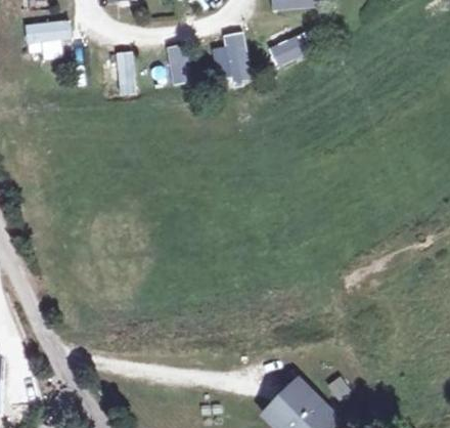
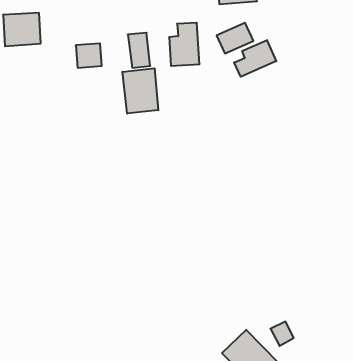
building: none -> [234,40,276,77]
building: none -> [122,68,158,114]

